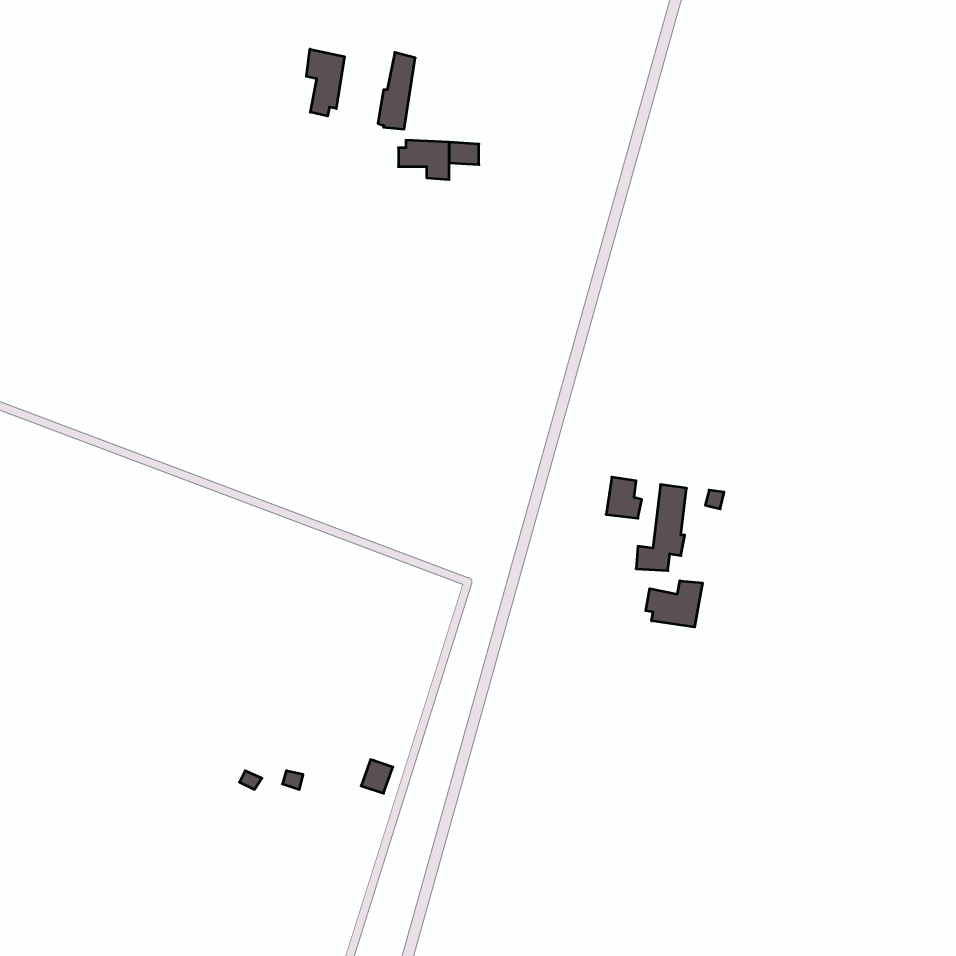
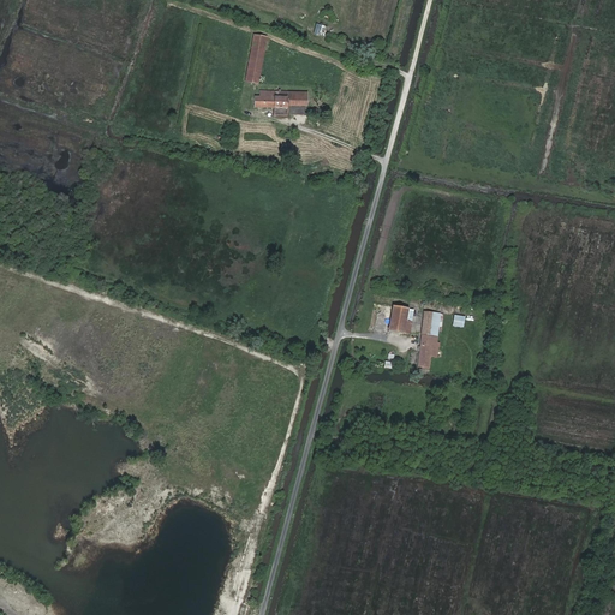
building: [306,49,344,116] -> none
building: [646,581,702,627] -> none

